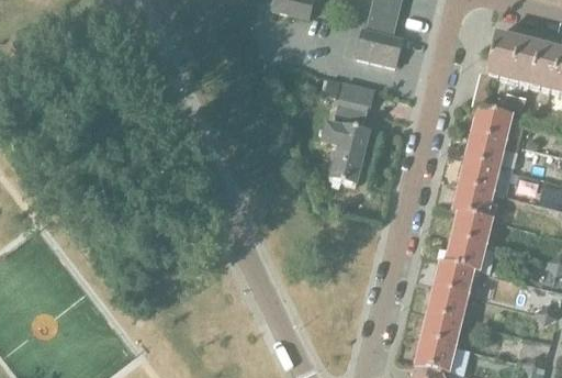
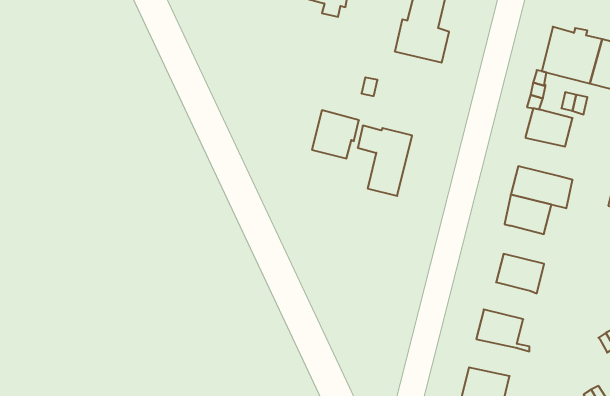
building: [334,79,375,122] -> [312,110,359,158]
building: [464,132,506,166] -> none
building: [451,210,493,244] -> none
building: [434,258,475,293] -> none
building: [420,311,463,344] -> none

